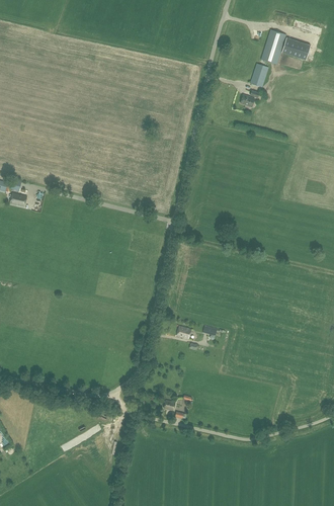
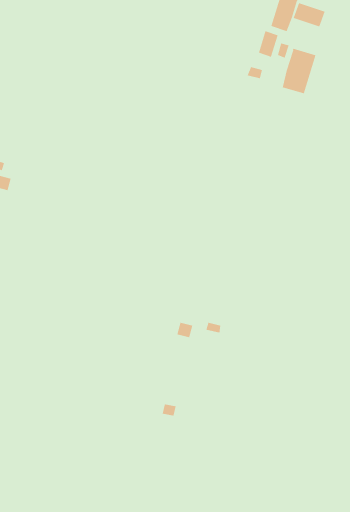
building: none -> [282,48,316,94]

